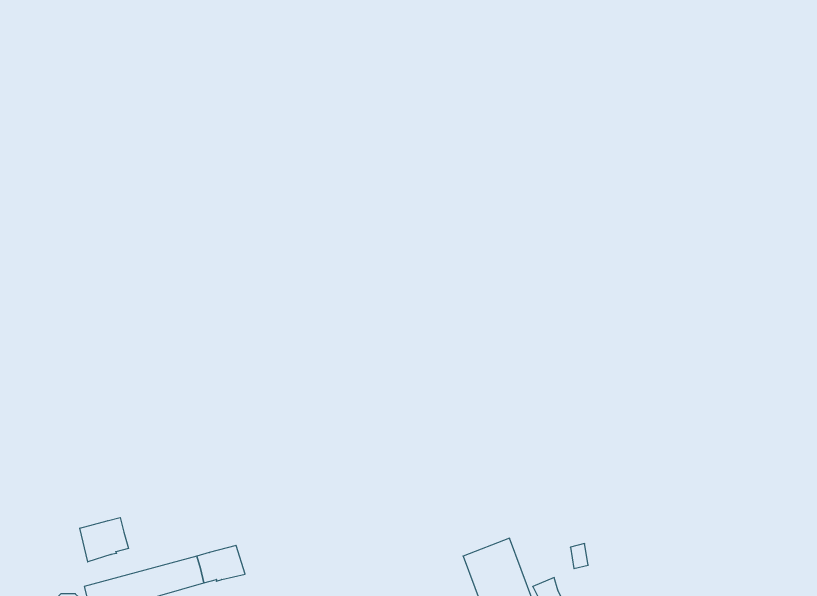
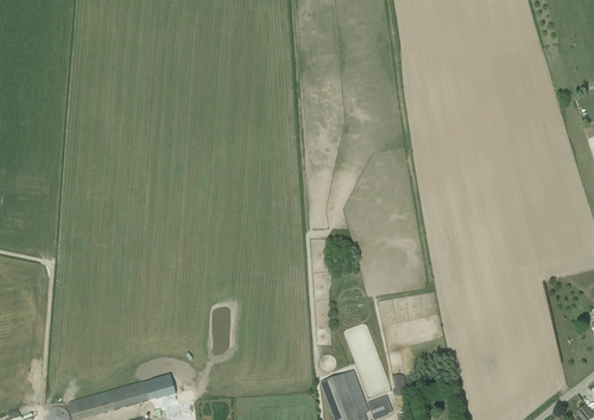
building: [80,518,129,562] -> none

